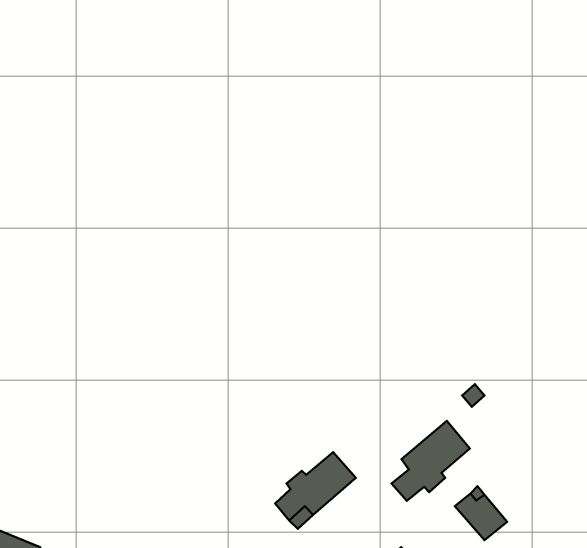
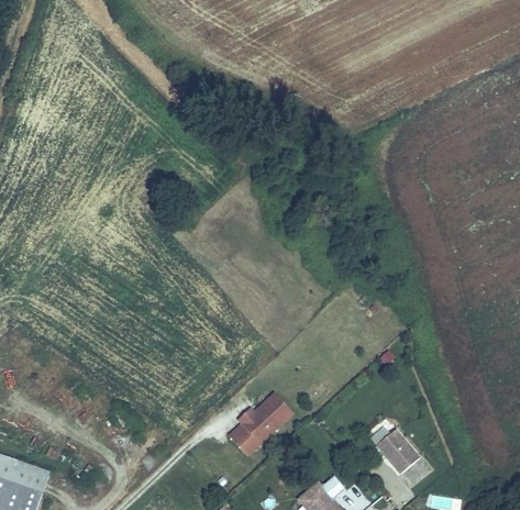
building: [391,421,470,501] -> none

